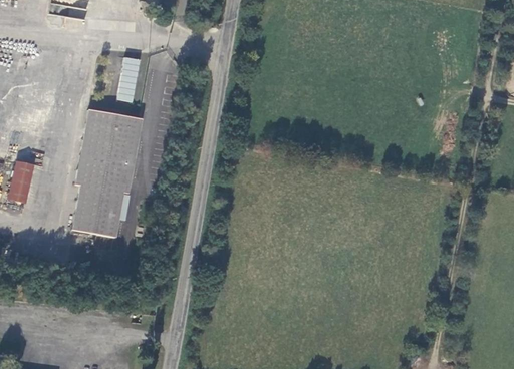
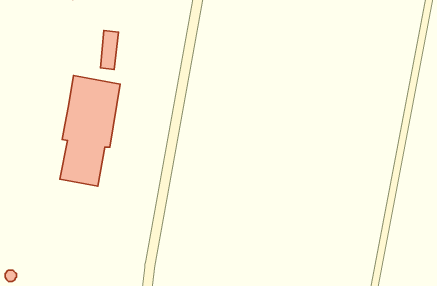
building: [8,160,34,201] -> none

